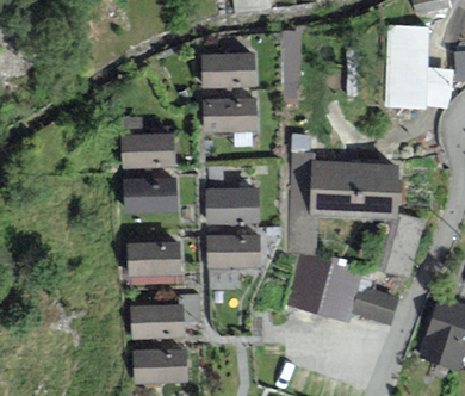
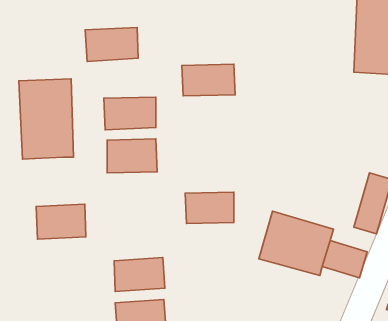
building: [199,52,255,88] -> [85,28,138,61]
building: none -> [19,79,73,159]
building: [309,161,401,218] -> none
building: [205,186,259,224] -> none
building: [126,240,179,277] -> [36,204,86,239]

